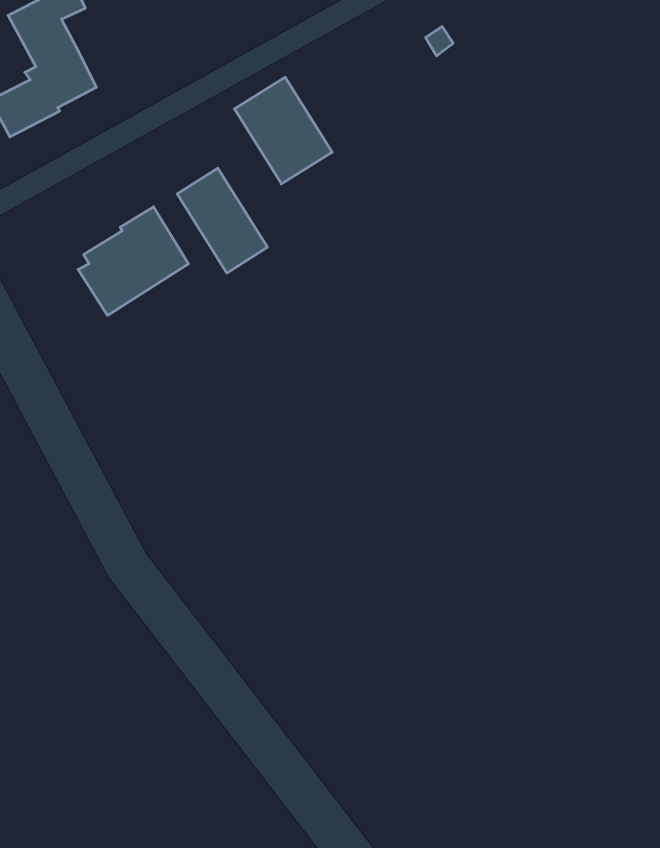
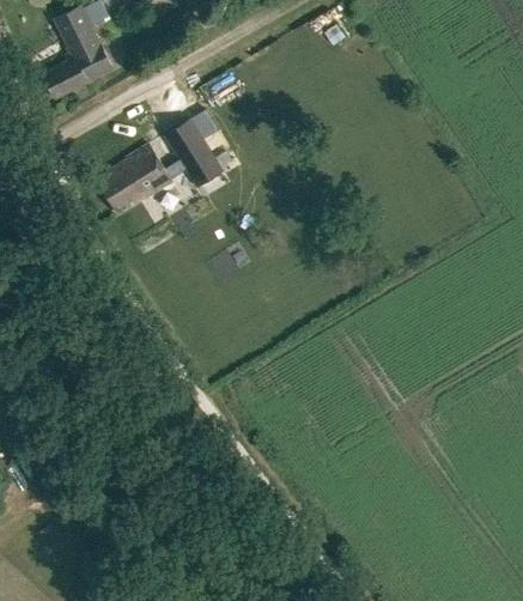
building: [234,77,332,184] -> none

